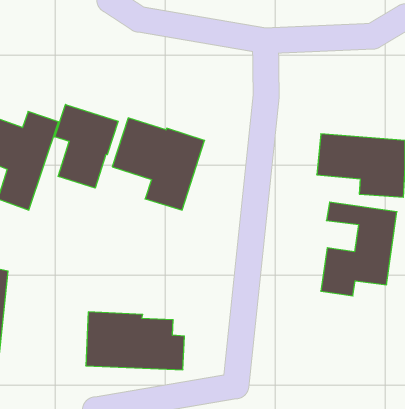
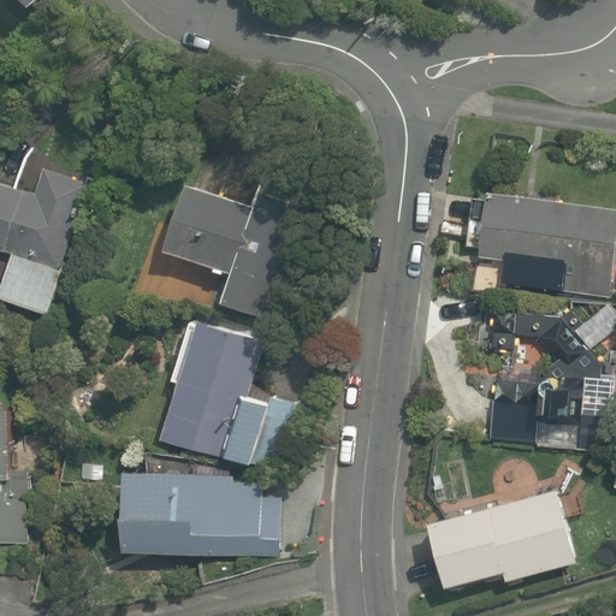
building: [55,104,118,188] -> none
building: none -> [164,312,290,468]
building: none -> [417,488,571,597]

